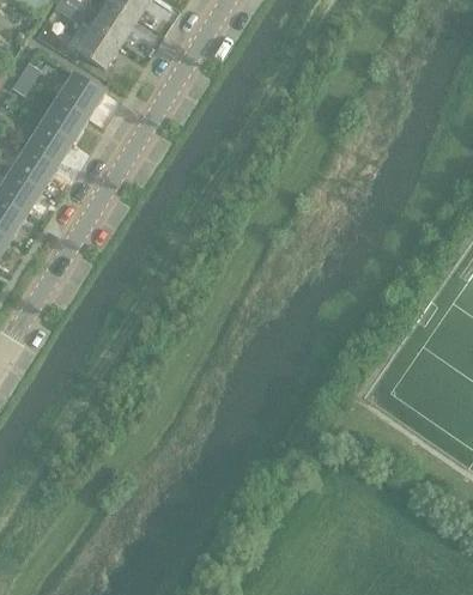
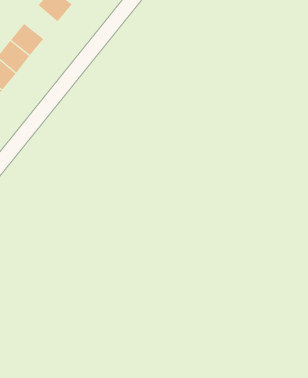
building: [41,97,85,140] -> none

